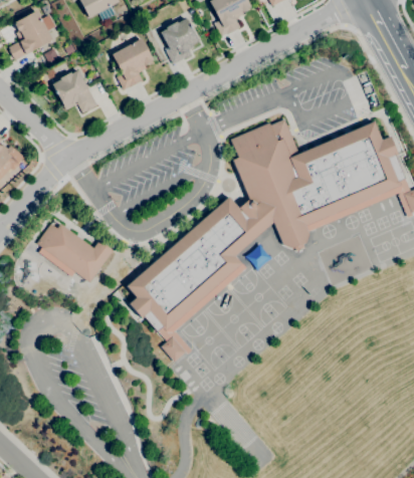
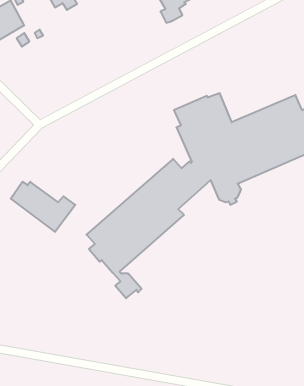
building: [161,17,199,64] -> none
building: [112,38,154,90] -> none
building: [52,70,97,113] -> none

